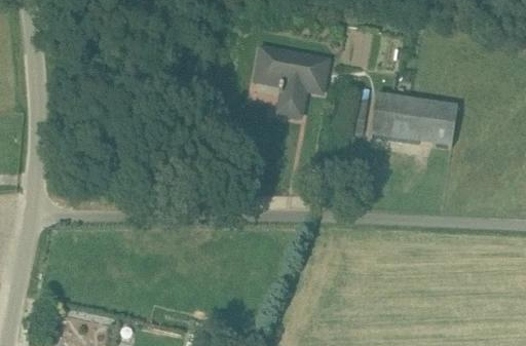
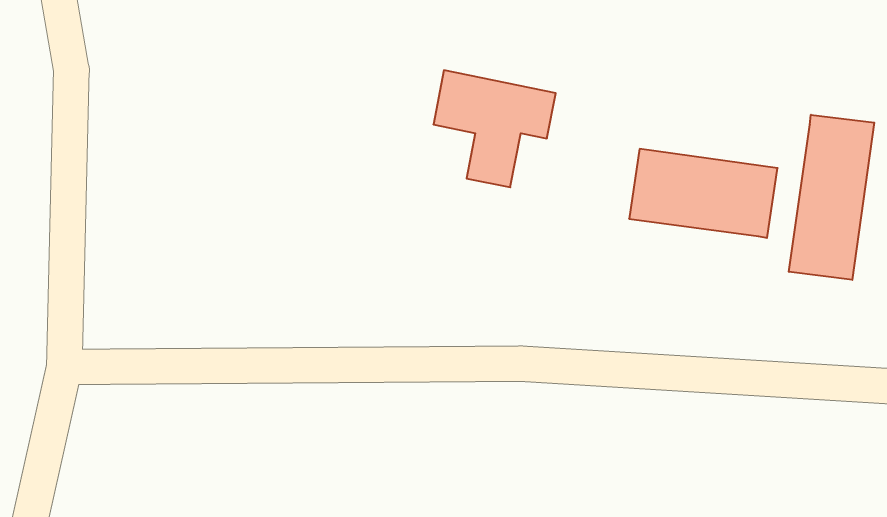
building: none -> [789,115,874,280]

